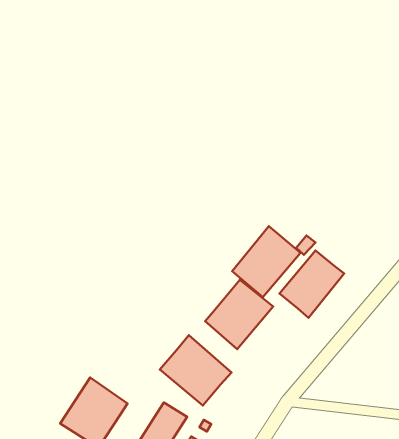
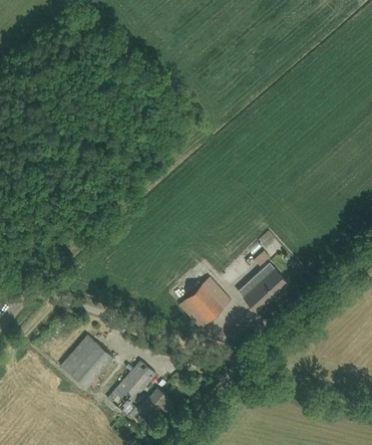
building: [232,226,301,297] -> none
building: [160,335,232,405] -> none

